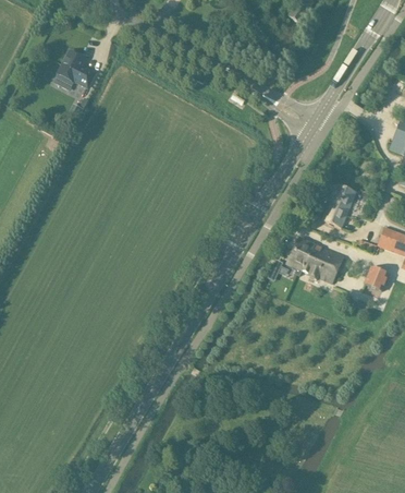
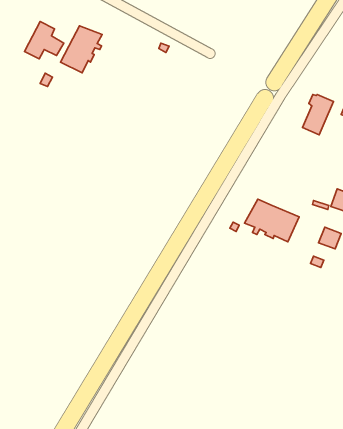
building: none -> [60,26,102,73]
building: [323,184,356,227] -> [303,94,334,135]

